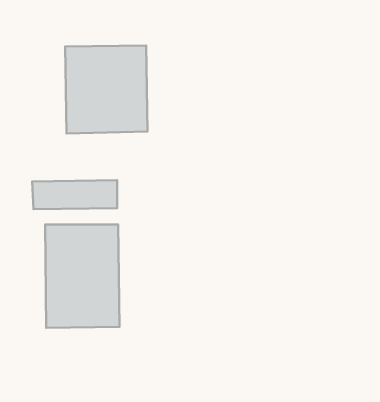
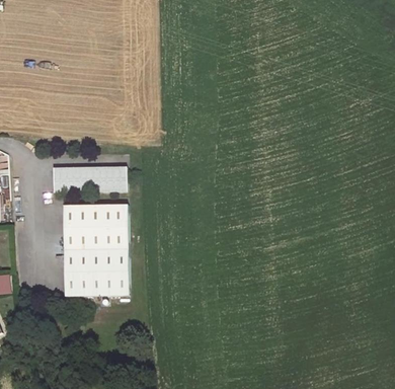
building: [65,46,147,133] -> none

